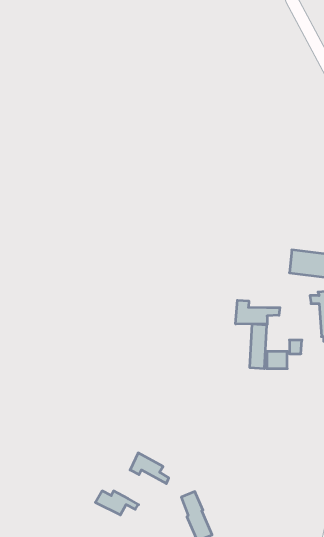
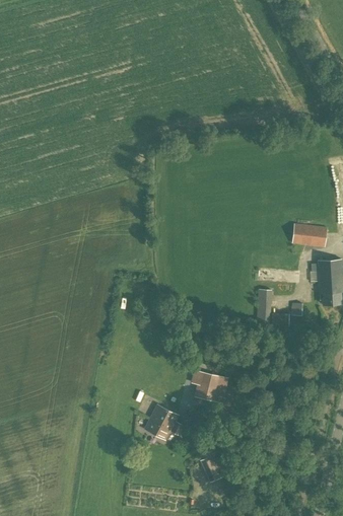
building: [236,300,280,324] -> none
building: none -> [191,369,228,402]
building: [95,491,139,515] -> [143,419,182,440]

